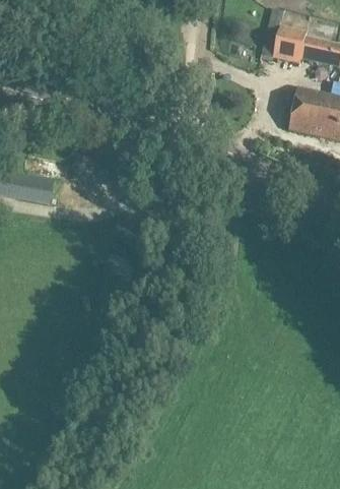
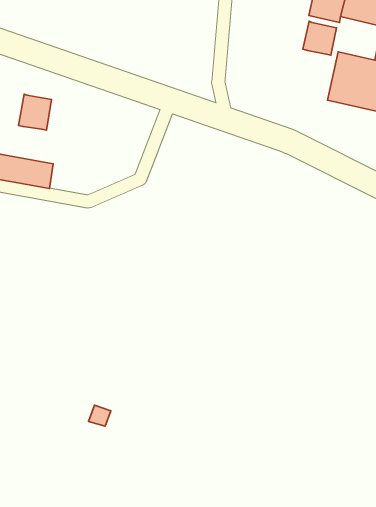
building: none -> [303,21,337,55]
building: none -> [19,94,52,130]

